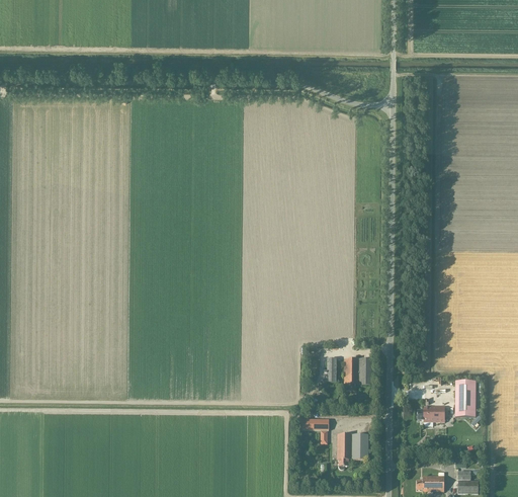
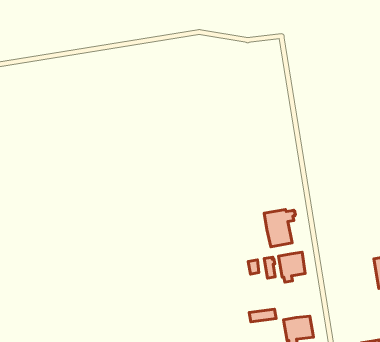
building: none -> [264,209,295,247]
building: [418,406,445,421] -> none

